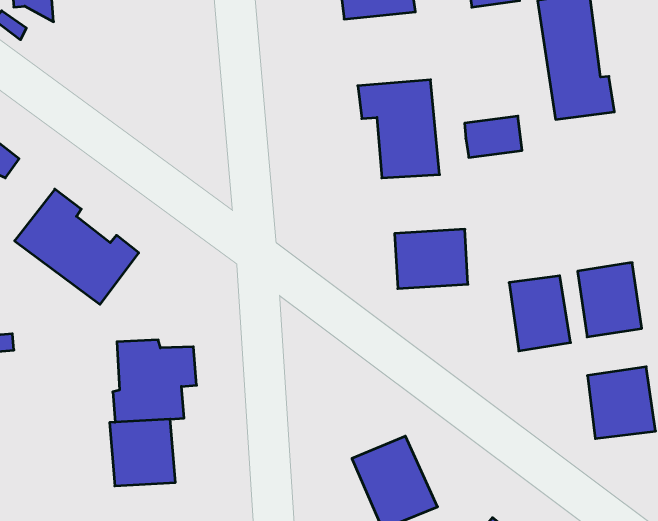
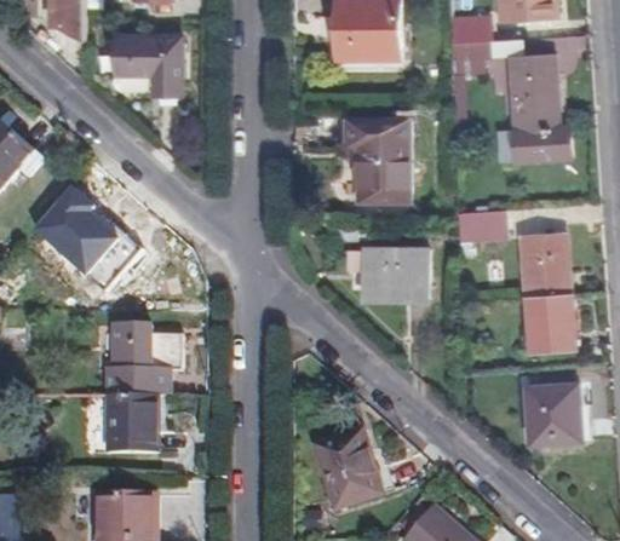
building: none -> [116,38,182,93]
building: [465,116,522,157] -> [455,208,504,241]
building: [509,276,571,351] -> [519,232,569,295]

